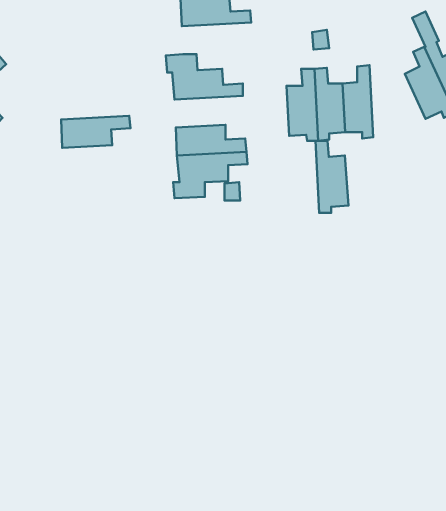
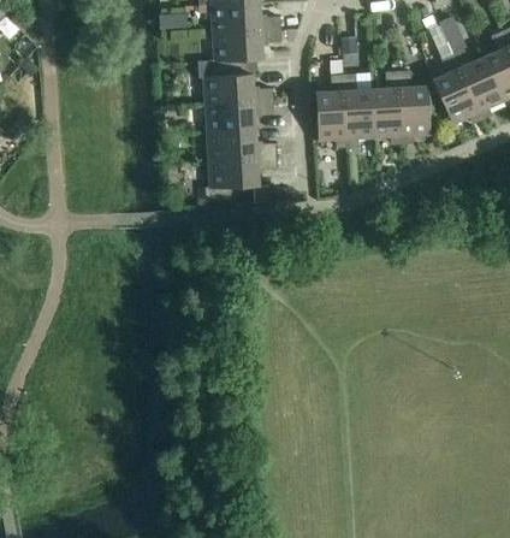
building: none -> [213,28,281,75]
building: [61,116,131,148] -> [206,100,274,131]
building: [315,141,348,213] -> [398,70,431,141]

